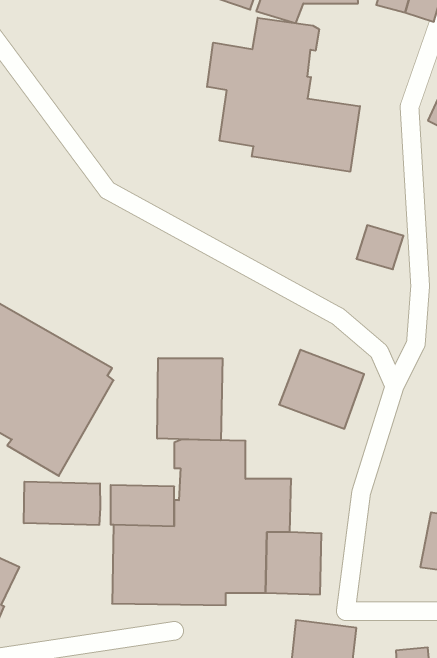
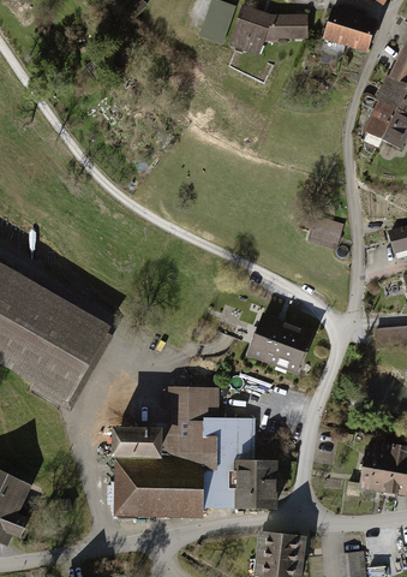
building: [207,18,360,172] -> none
building: [157,358,222,440] -> none
building: [24,482,100,525] -> none

